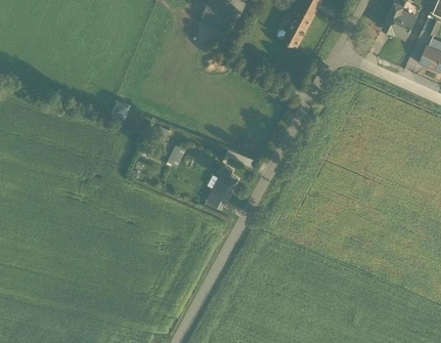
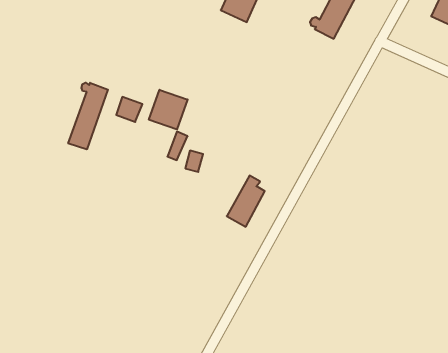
building: none -> [68,83,108,149]
building: none -> [149,90,188,129]

